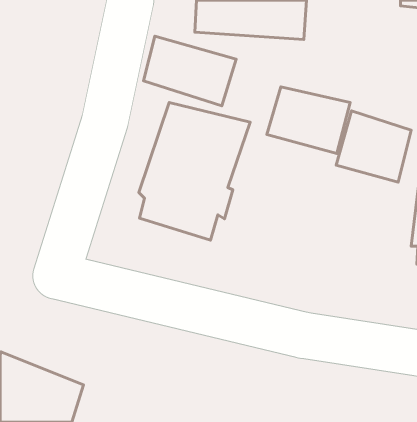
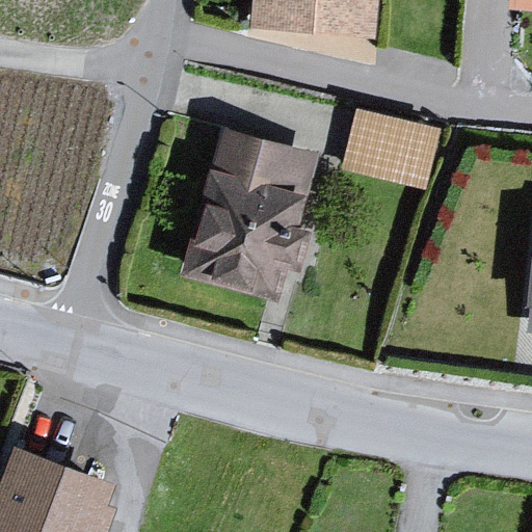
building: [143,36,236,106] -> none
building: [336,111,411,182] -> none

